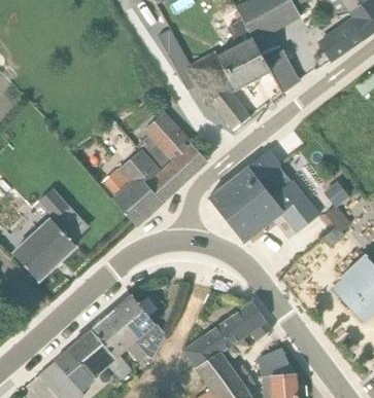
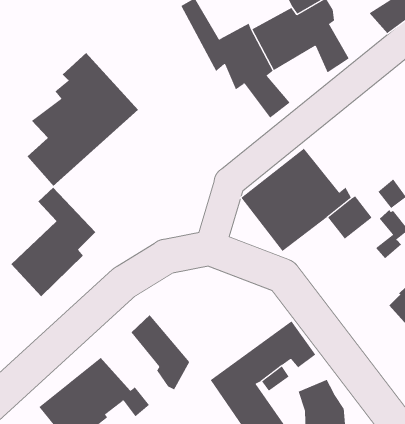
building: [113,111,208,224] -> [26,52,139,187]
building: [91,310,146,362] -> none

